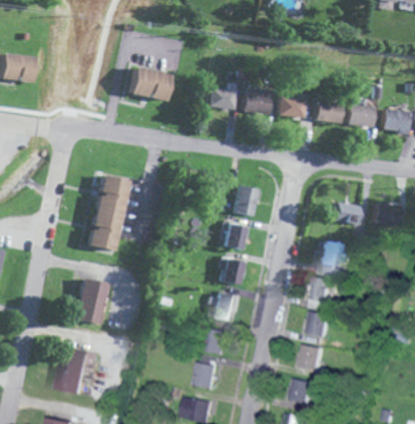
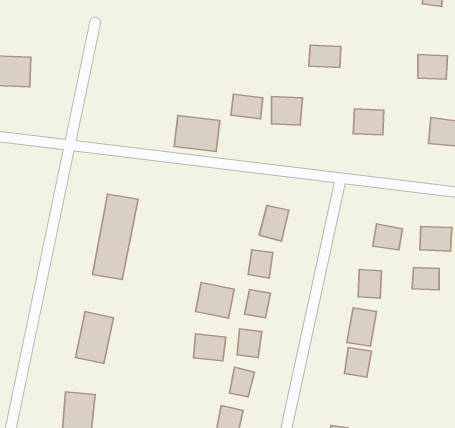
building: [127,67,167,99] -> [174,116,220,151]
building: [276,97,304,116] -> [309,45,341,67]
building: [347,104,373,126] -> [418,55,448,79]
building: none -> [412,268,439,290]
building: none -> [196,283,234,318]
building: none -> [194,334,226,361]
building: [300,345,324,371] -> none

